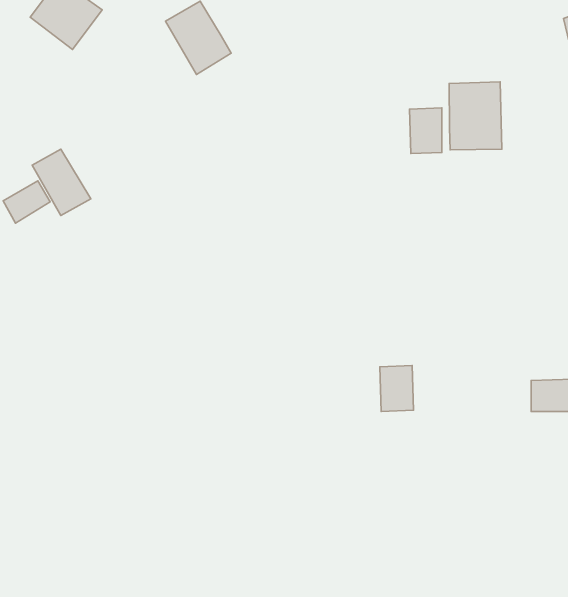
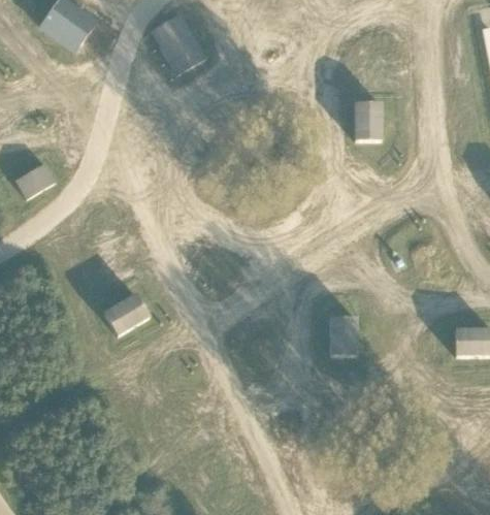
building: [449,82,502,150] -> none
building: [32,149,91,216] -> none
building: none -> [103,292,149,334]

